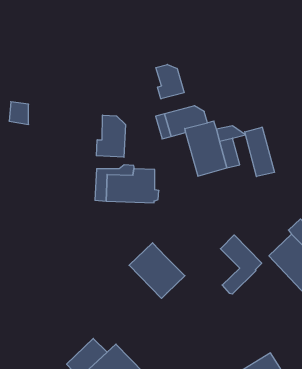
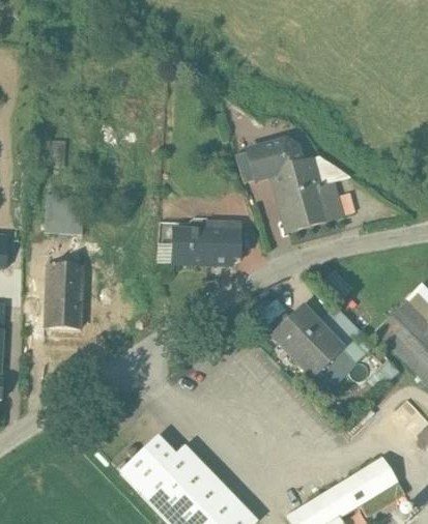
building: [156,64,184,99] -> none
building: [96,115,125,157] -> none
building: [245,127,274,177] -> none
building: none -> [46,194,83,234]
building: none -> [45,263,83,328]
building: [129,243,185,298] -> [272,307,343,378]

